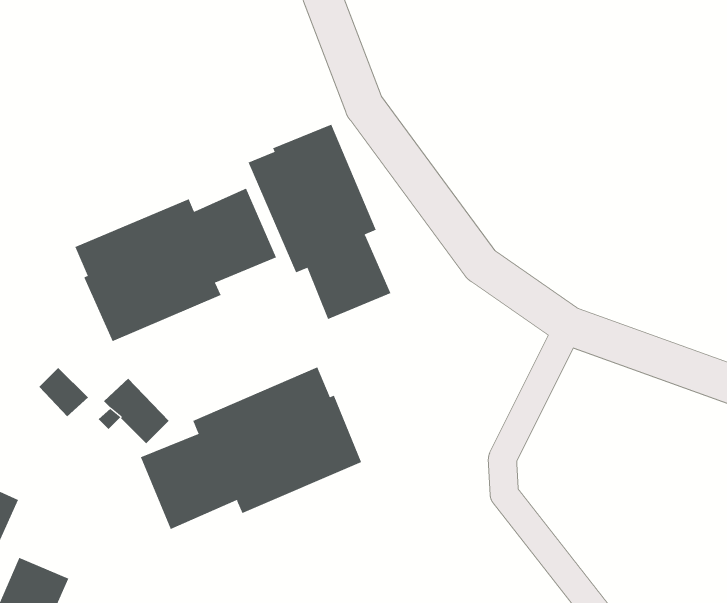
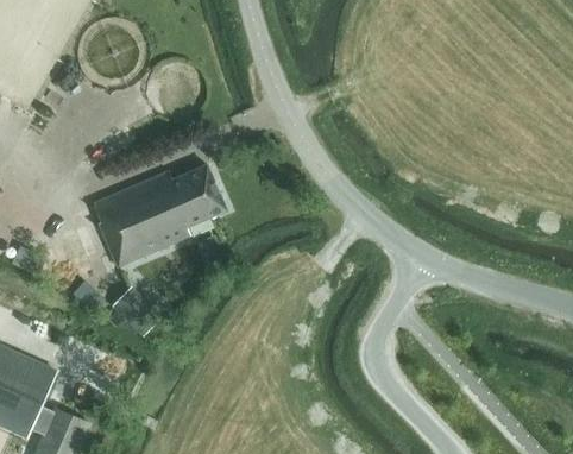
building: [248,124,391,320] -> none
building: [140,366,362,530] -> none

